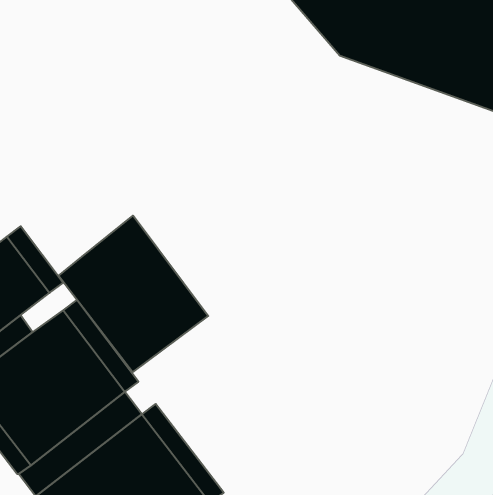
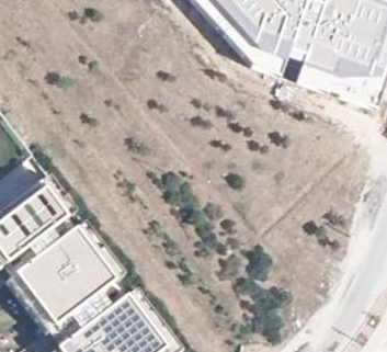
building: [59,216,208,372] -> none

